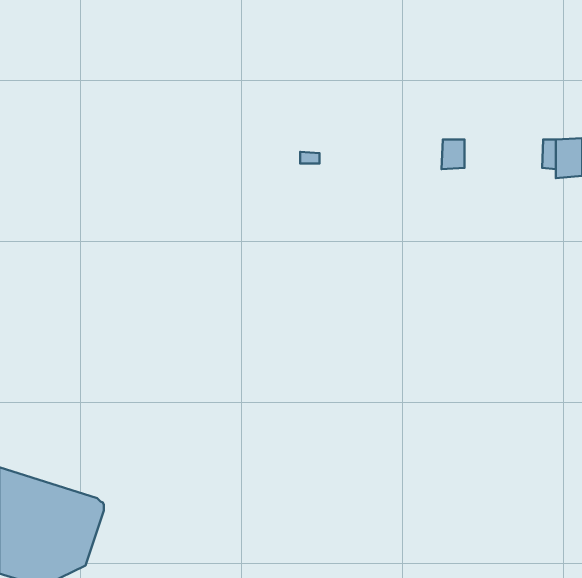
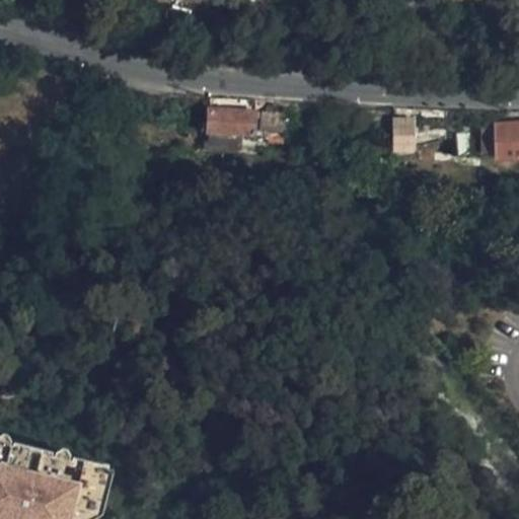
building: none -> [206,113,254,139]

